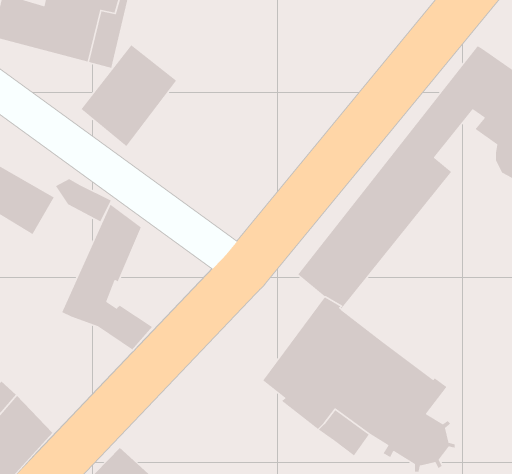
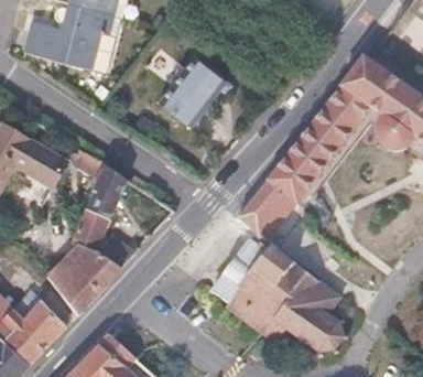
building: [81,44,177,147] -> [159,55,226,127]
building: none -> [46,246,121,315]

